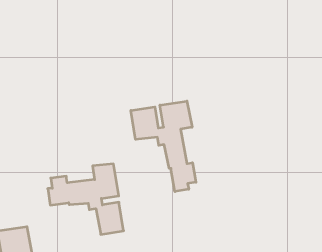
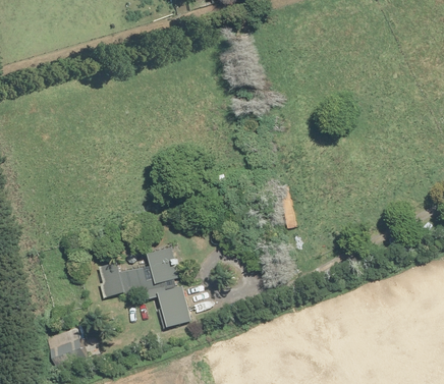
building: [131,101,196,192] -> none

